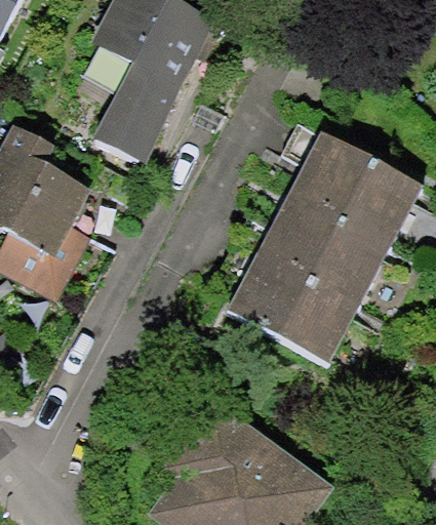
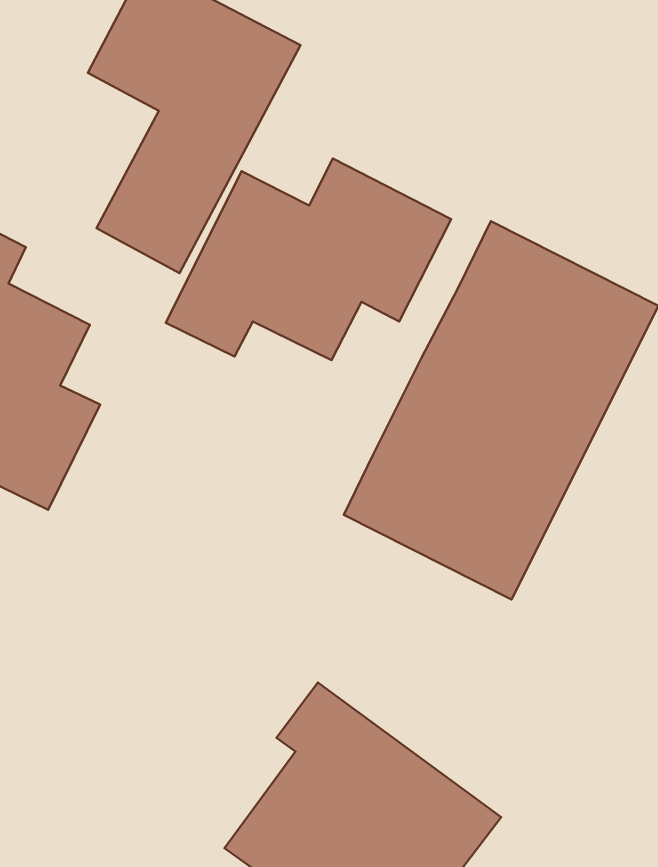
building: none -> [166,158,451,360]

